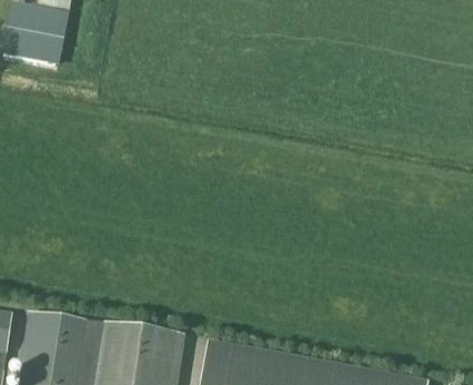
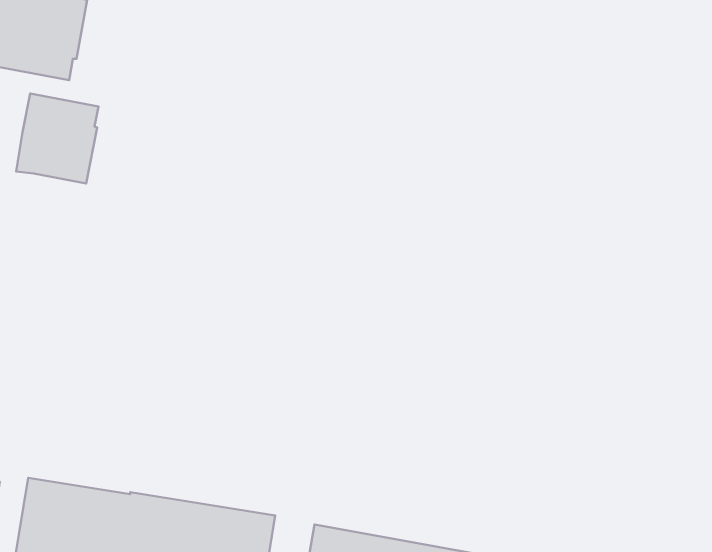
building: none -> [16,94,99,183]

